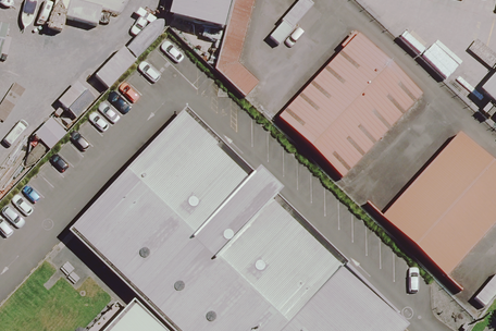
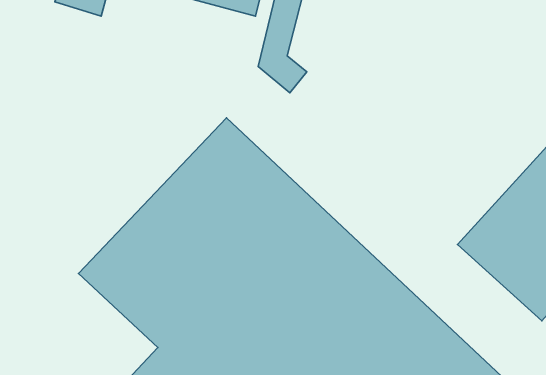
building: [275,32,423,181] -> none

